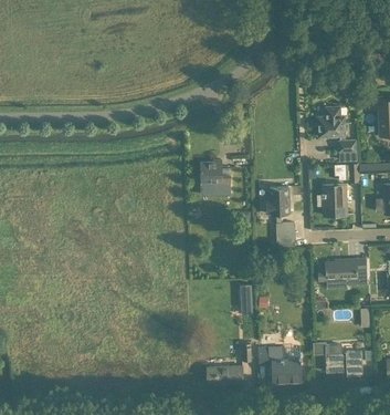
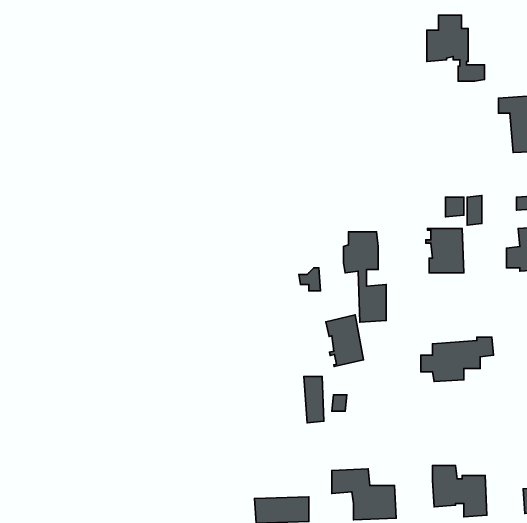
building: [317,106,356,151] -> [427,15,485,81]
building: [200,159,229,186] -> none
building: none -> [326,315,364,367]

